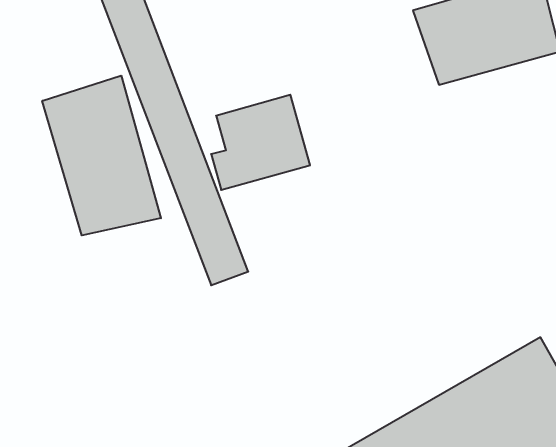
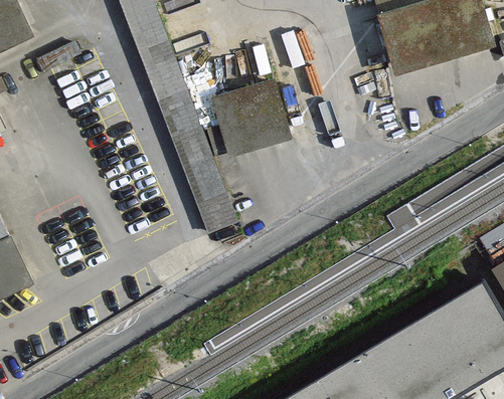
building: [42,76,161,235] -> none

